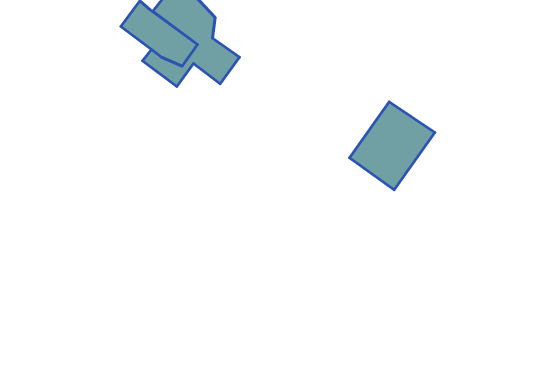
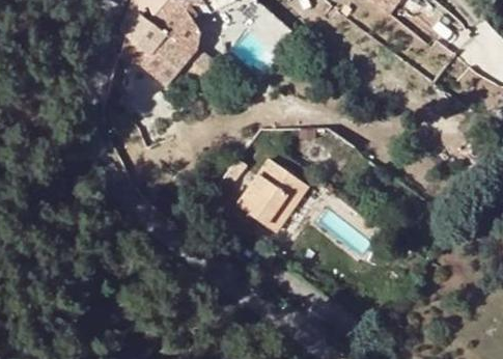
building: [350,102,435,190] -> [235,158,305,229]

